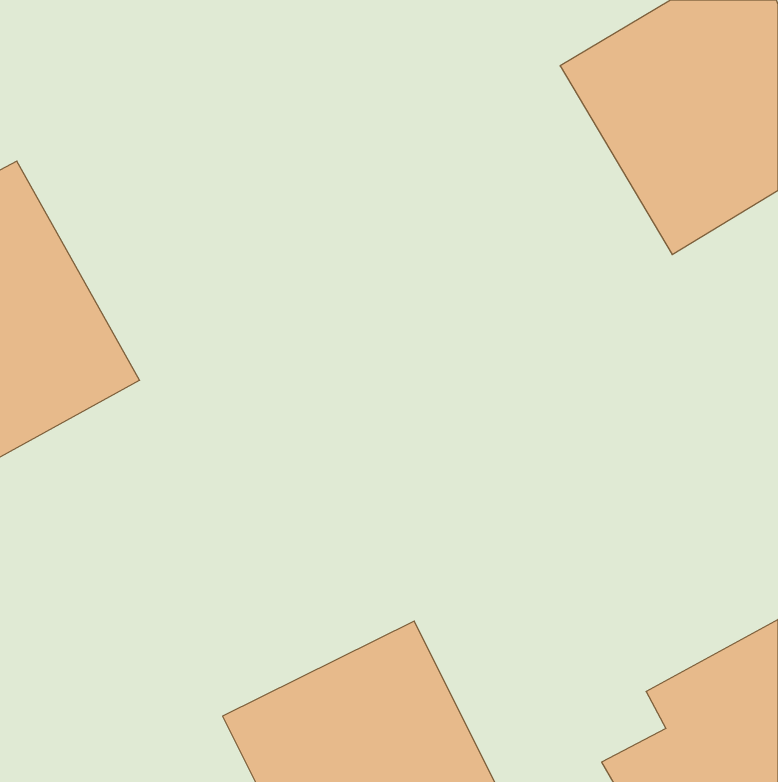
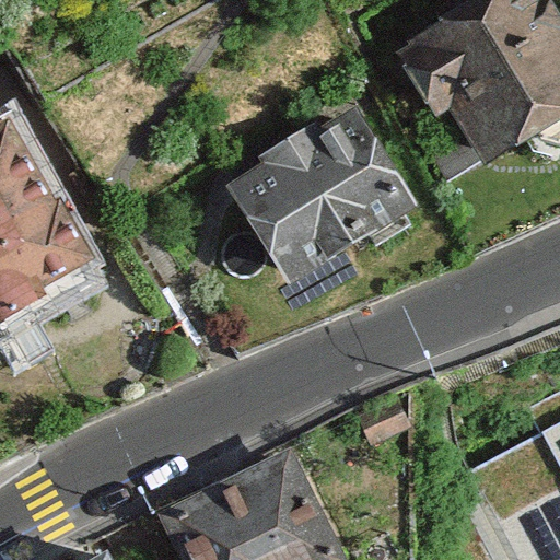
building: none -> [226,100,422,287]

